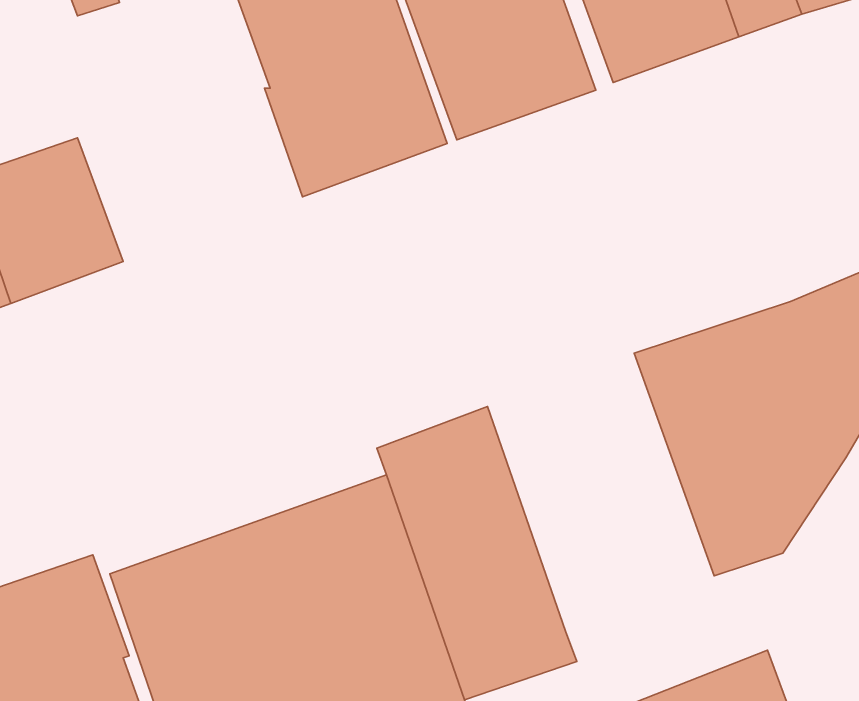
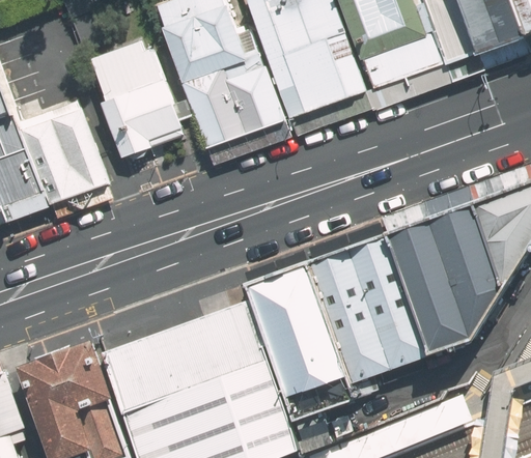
building: none -> [94,50,190,165]
building: none -> [306,233,429,384]

